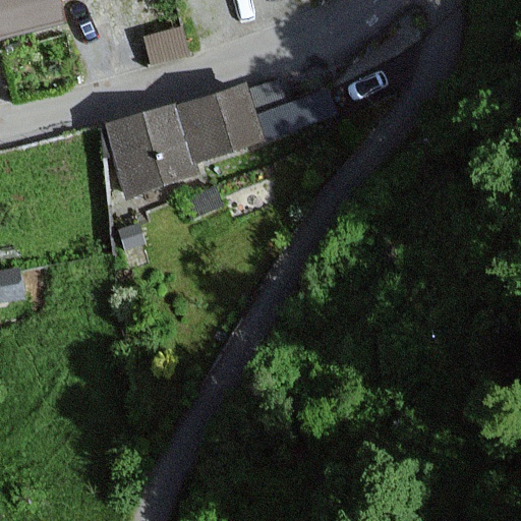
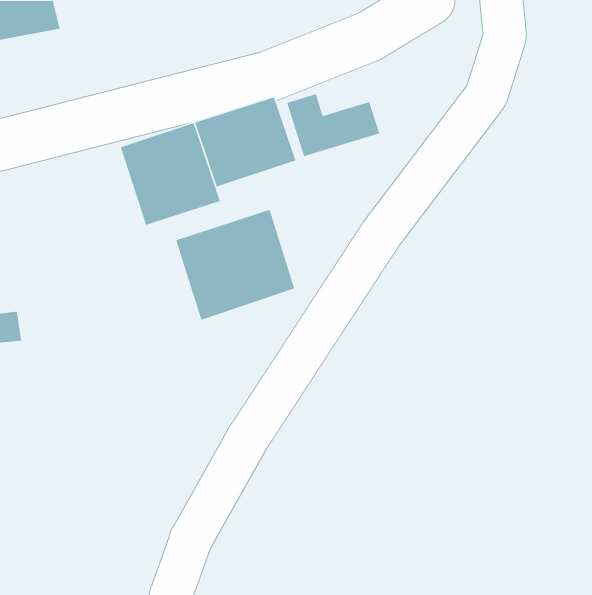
building: none -> [175,209,295,321]

